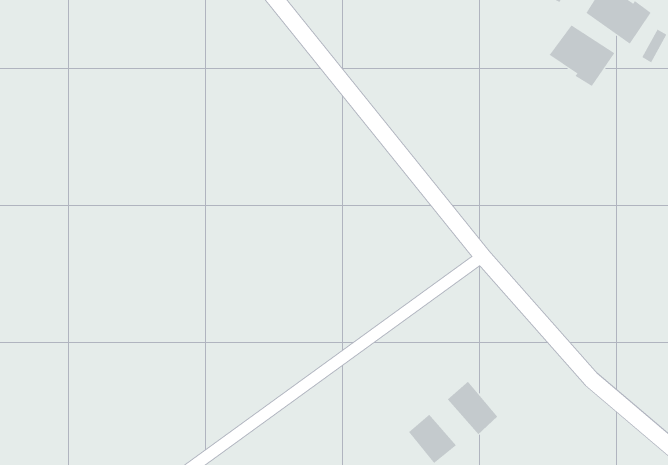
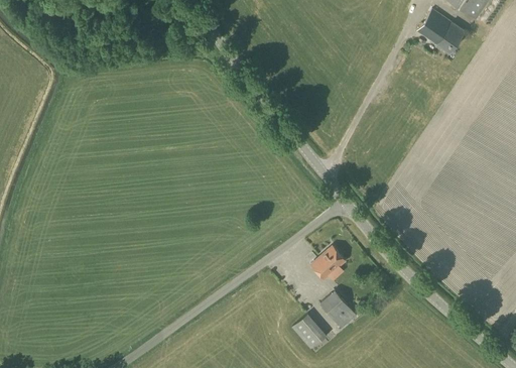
building: [549,24,615,87] -> none
building: none -> [311,246,346,279]

